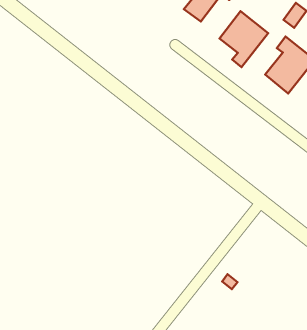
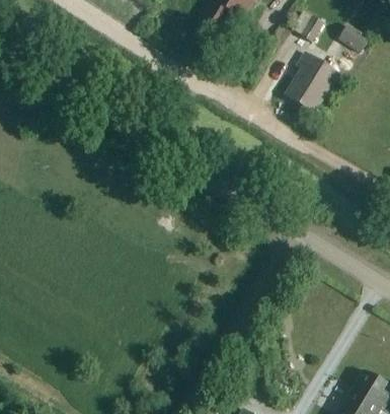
building: [219,11,268,67] -> none

